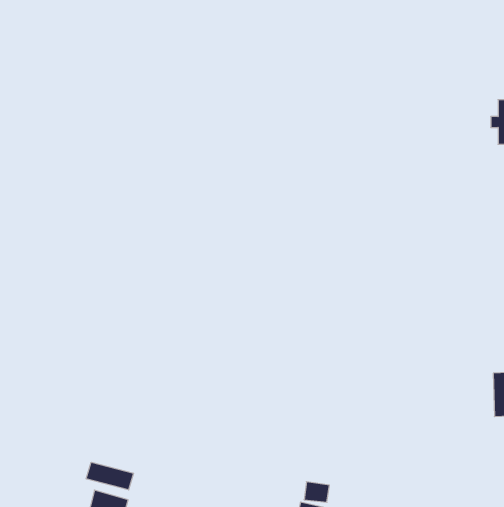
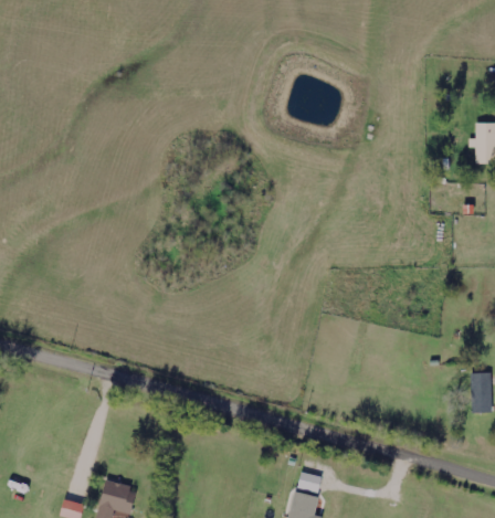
building: [86,462,133,490] -> none

